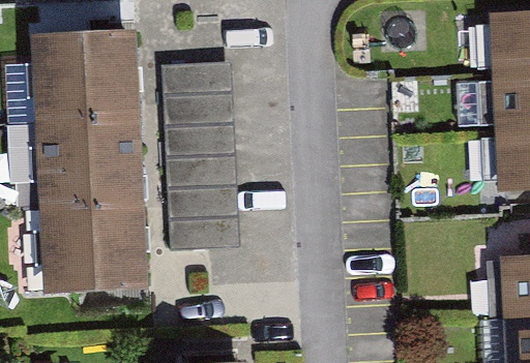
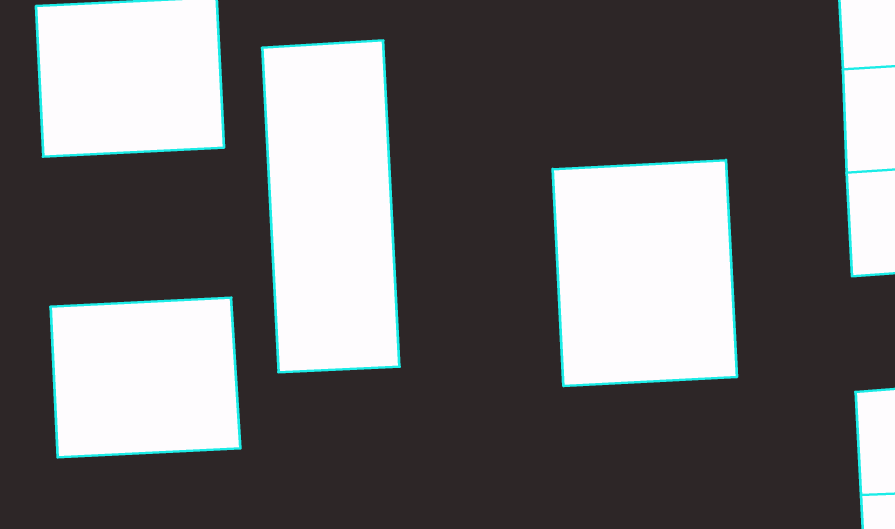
building: [35,118,143,209] -> none
building: none -> [553,160,737,386]

